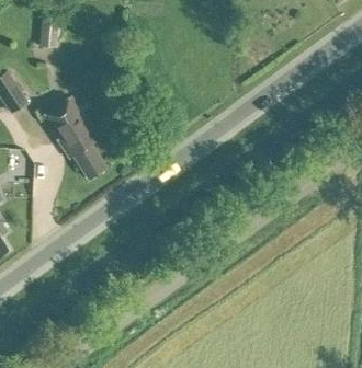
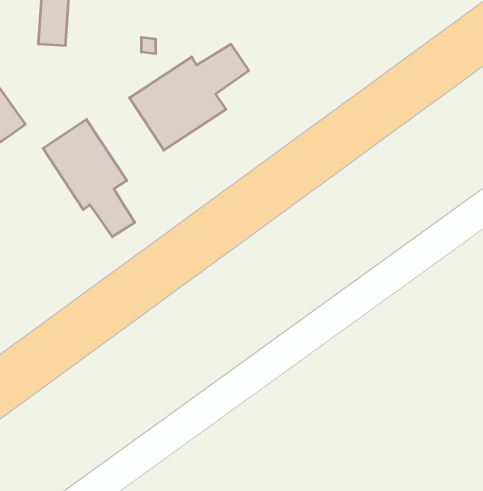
building: none -> [129,44,249,150]

